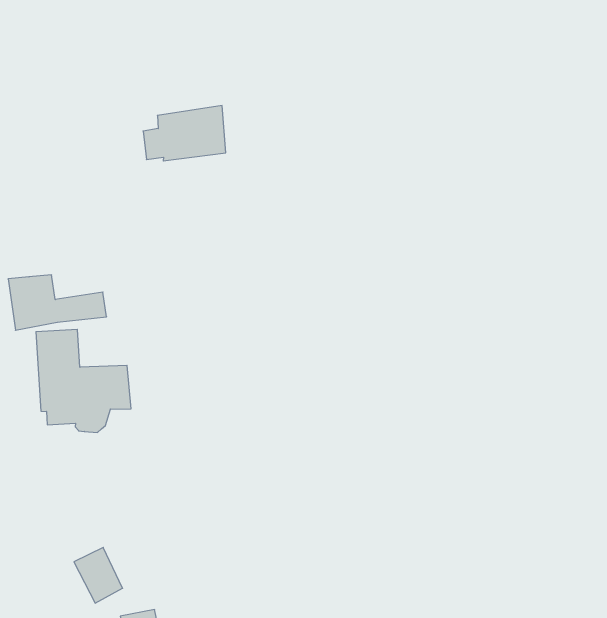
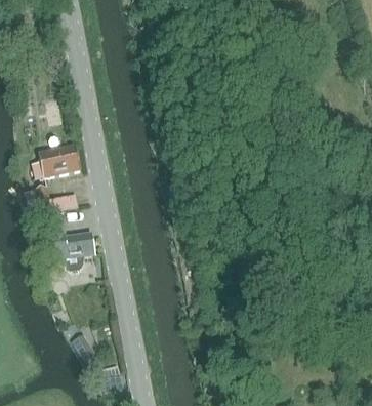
building: [143,106,226,161] -> [32,145,78,177]

